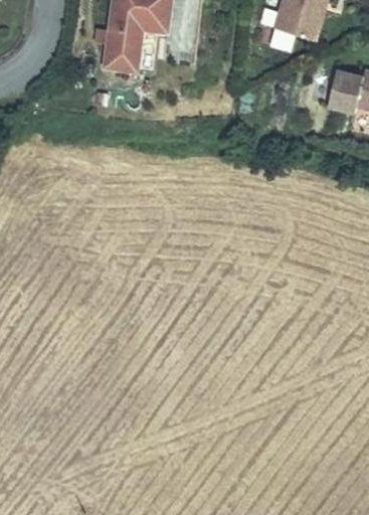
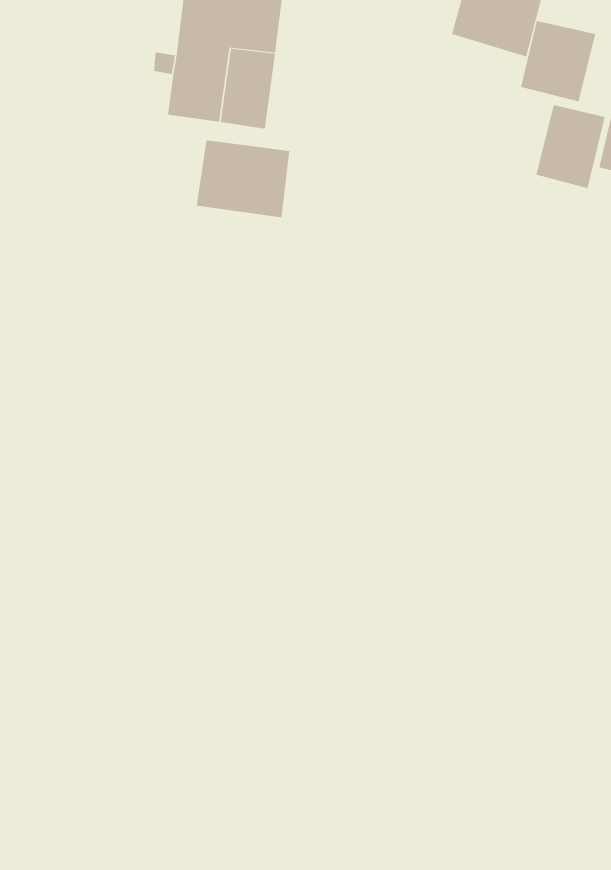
building: none -> [520,20,596,102]
building: none -> [196,139,290,218]

